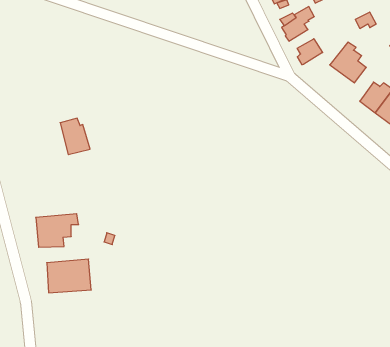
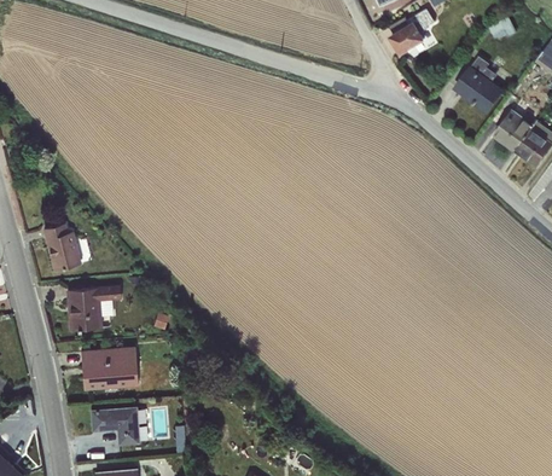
building: [297,39,323,65] -> none
building: [60,118,90,155] -> [41,222,81,271]
building: none -> [88,406,139,446]

